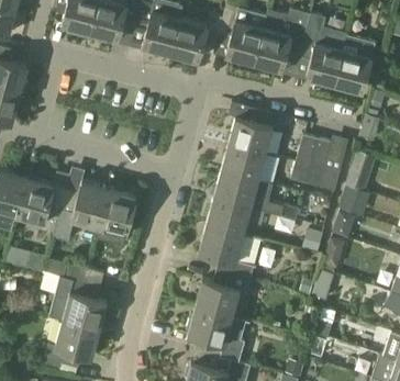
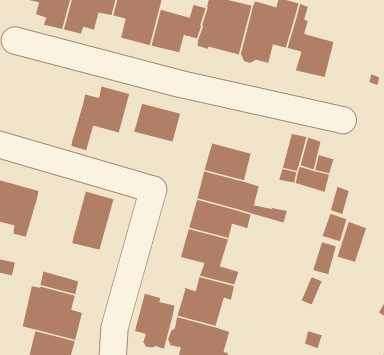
building: [334,35,375,91] -> none
building: [227,116,273,154] -> [133,103,181,143]
building: [346,150,375,190] -> [337,221,367,263]
building: [53,181,109,243] -> [70,85,130,151]
building: none -> [134,293,176,350]

